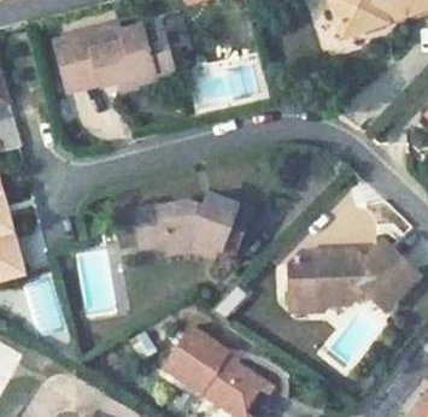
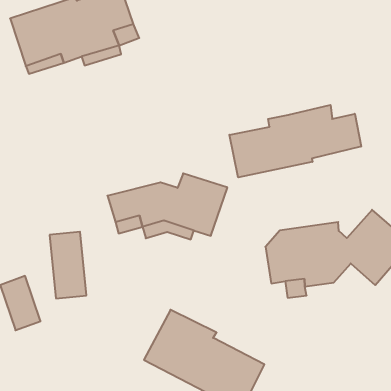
building: none -> [229,105,361,177]

